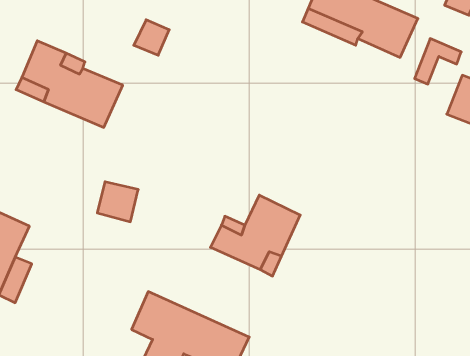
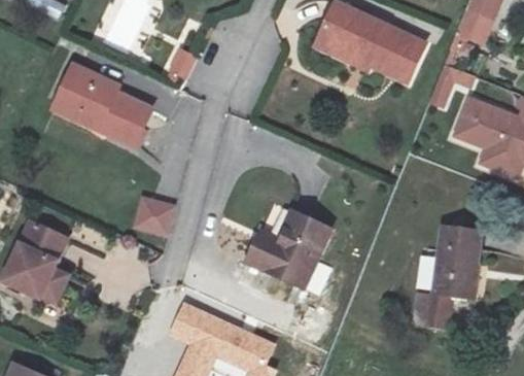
building: none -> [413,224,473,323]

